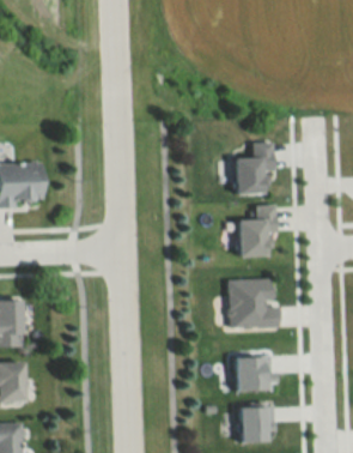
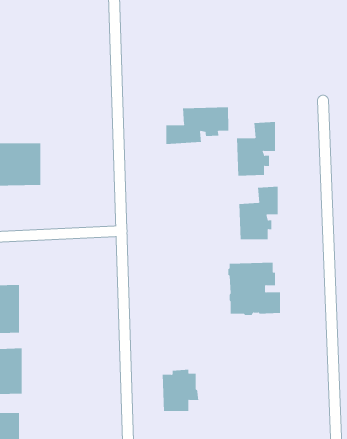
building: none -> [166,106,229,145]
building: [233,356,272,391] -> none
building: [238,401,274,442] -> [162,369,199,412]

